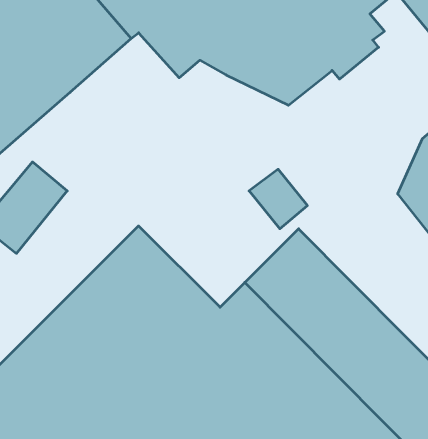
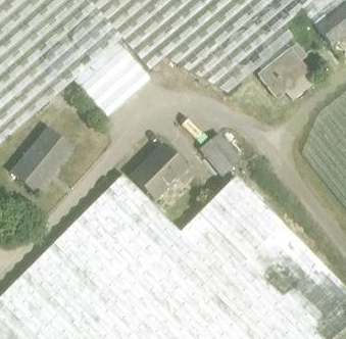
building: none -> [72,43,149,117]
building: none -> [256,44,314,100]
building: none -> [130,146,184,201]

